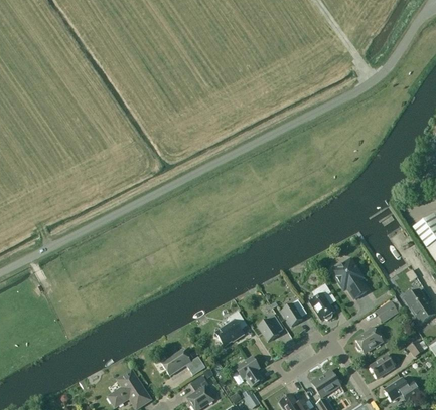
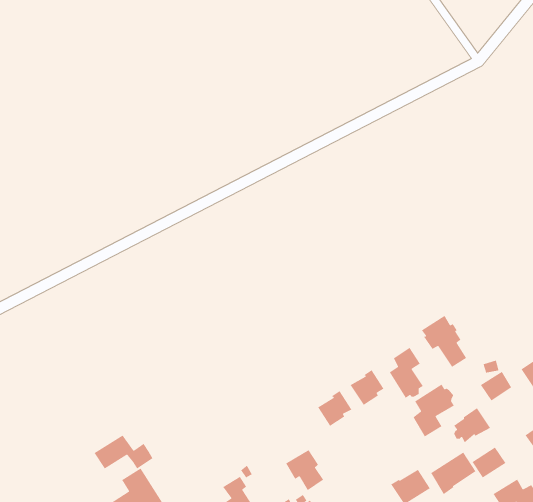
building: none -> [412,384,455,437]
building: [214,311,248,346] -> none
building: [162,350,205,375] -> [93,435,154,470]
building: none -> [430,451,476,495]

